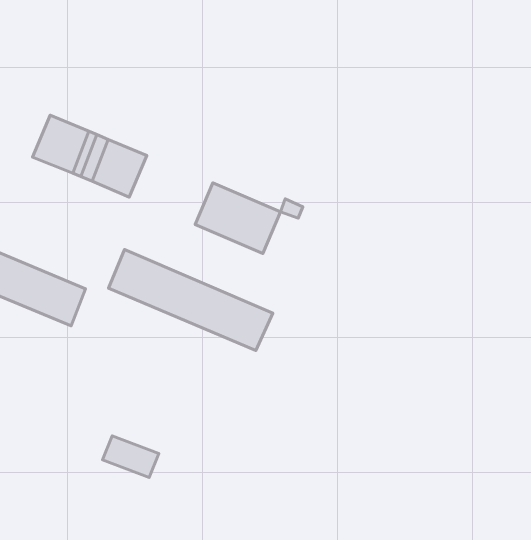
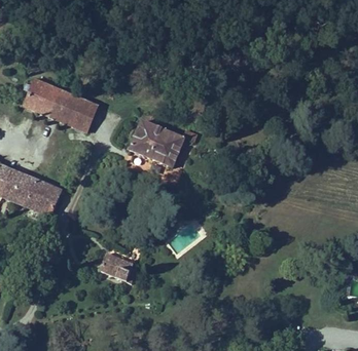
building: [109,250,273,351] -> none
building: [103,436,159,478] -> [99,252,135,279]

